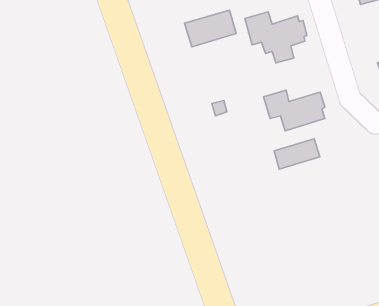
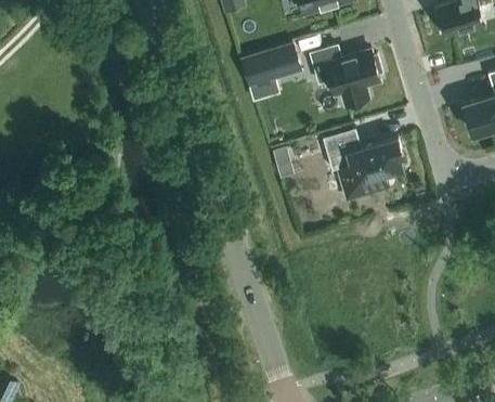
building: [274,139,320,169] -> none

